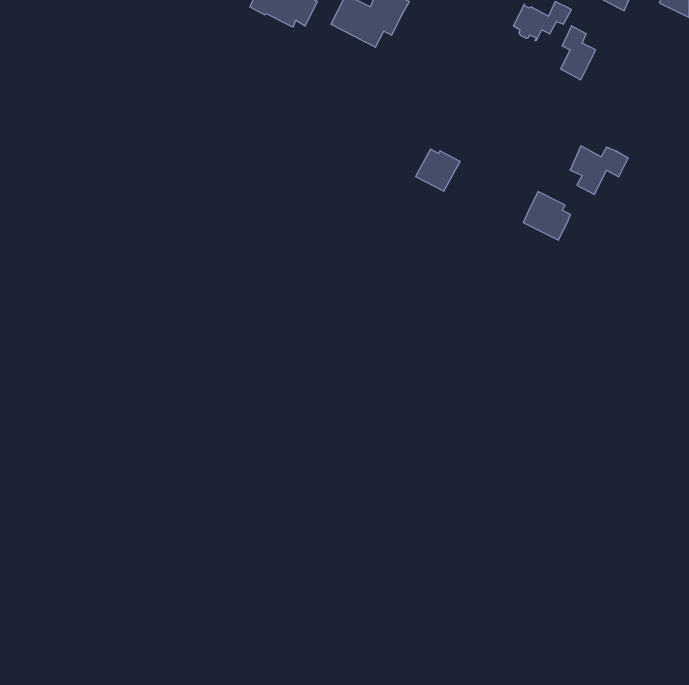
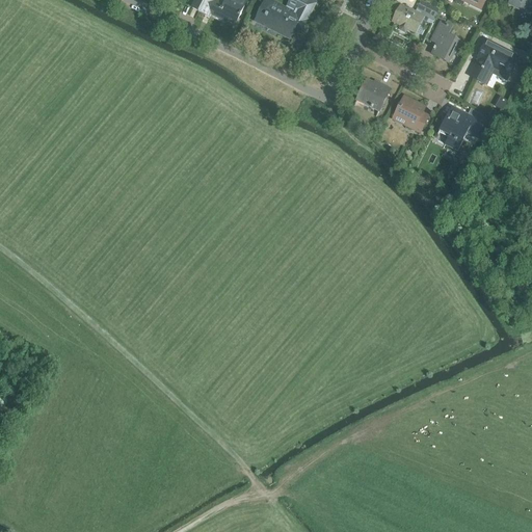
building: none -> [469,38,516,84]
building: [416,149,460,191] -> [355,78,390,110]
building: [523,192,571,240] -> [392,95,428,132]

